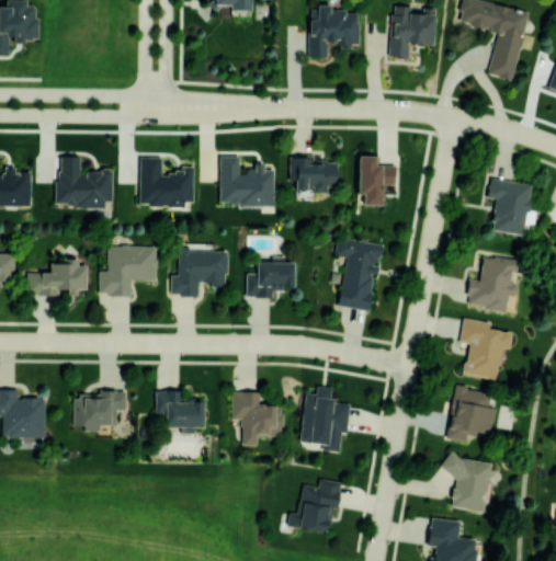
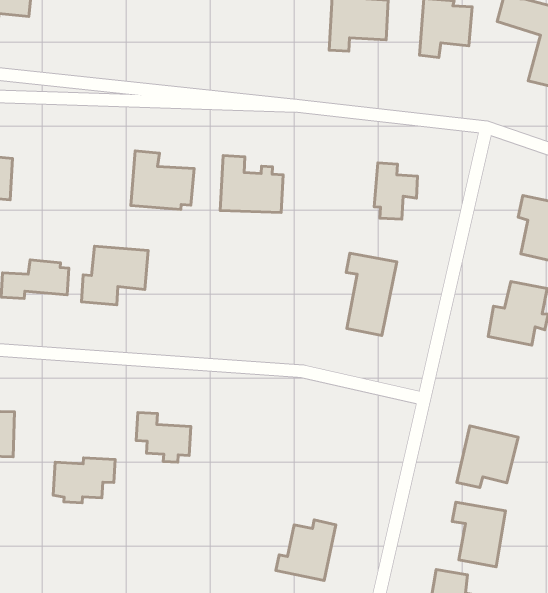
building: [57,157,113,207] -> none
building: [290,158,338,192] -> none
building: [171,250,227,296] -> none
building: [247,256,295,298] -> none
building: [459,318,512,378] -> none
building: [300,386,350,451] -> none
building: [73,390,127,431] -> [53,458,115,503]
building: [231,392,282,445] -> none

